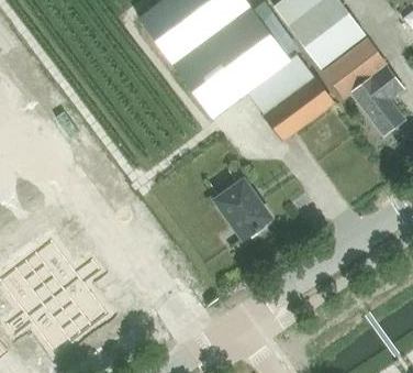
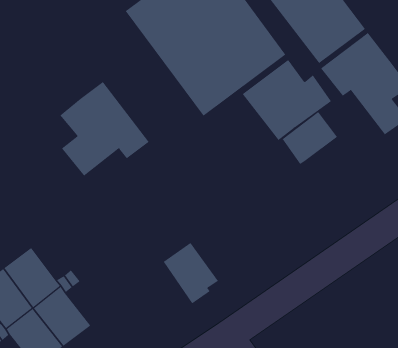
building: none -> [60,81,150,177]
building: none -> [282,111,338,165]
building: [216,180,269,239] -> [163,242,219,304]

